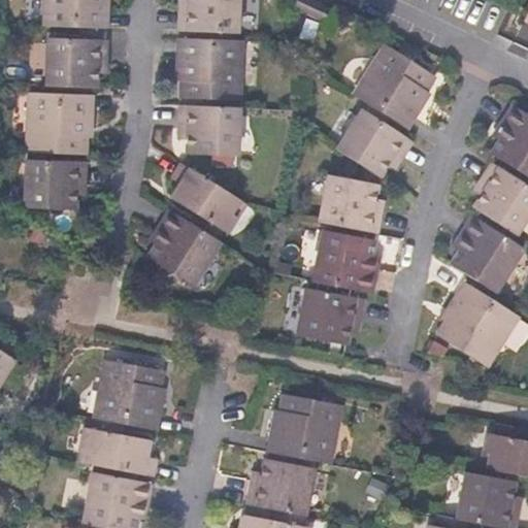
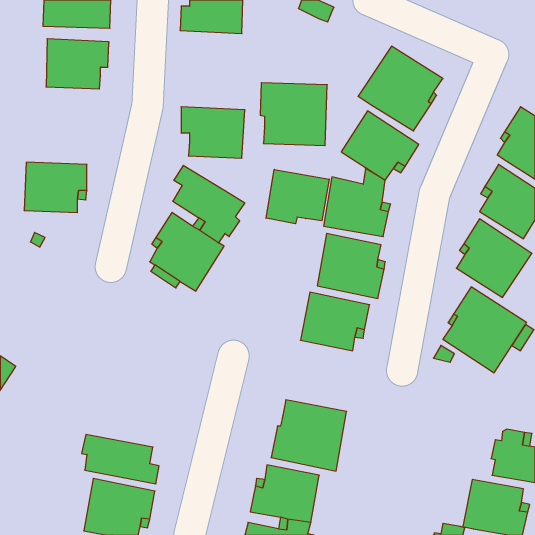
building: [176,38,242,100] -> [260,83,327,146]
building: [26,94,93,154] -> none
building: none -> [266,169,329,224]
building: [93,359,165,430] -> none

